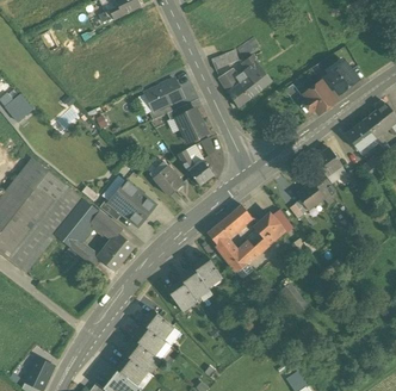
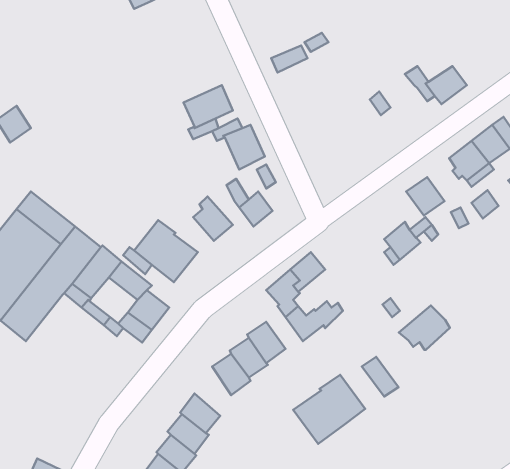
building: [219,54,271,107] -> none
building: [303,81,335,113] -> none
building: [246,215,284,248] -> [399,305,450,350]
building: none -> [293,375,365,444]

